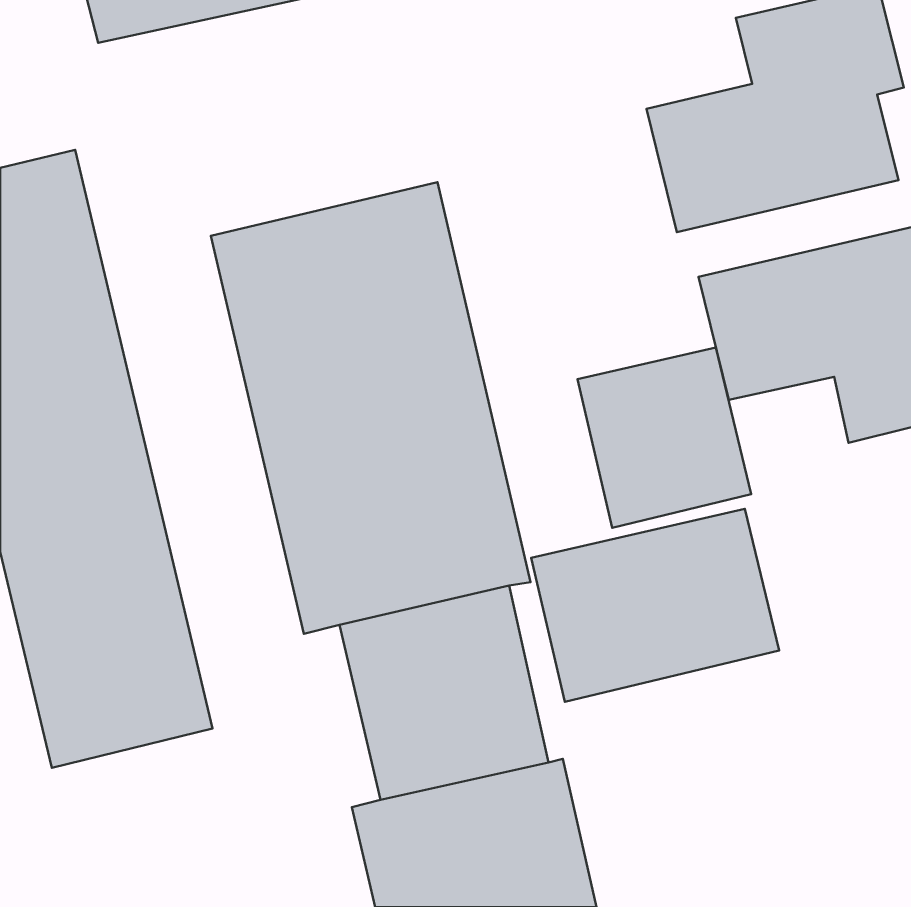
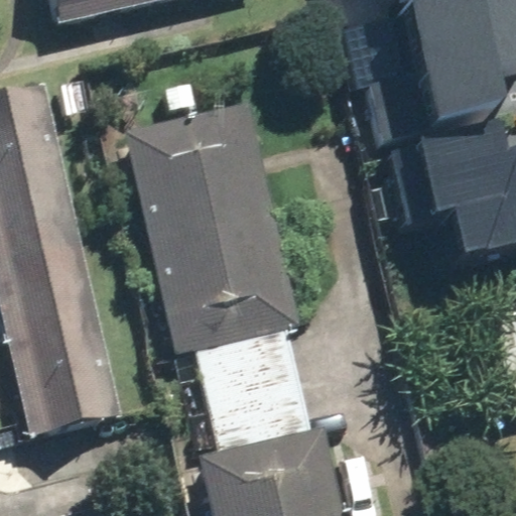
building: [577,348,751,528] -> none
building: [531,509,779,702] -> none

